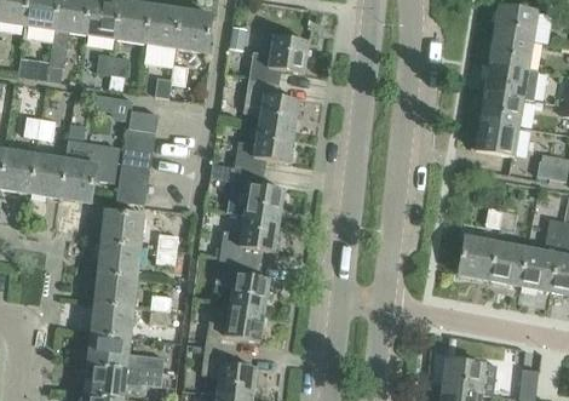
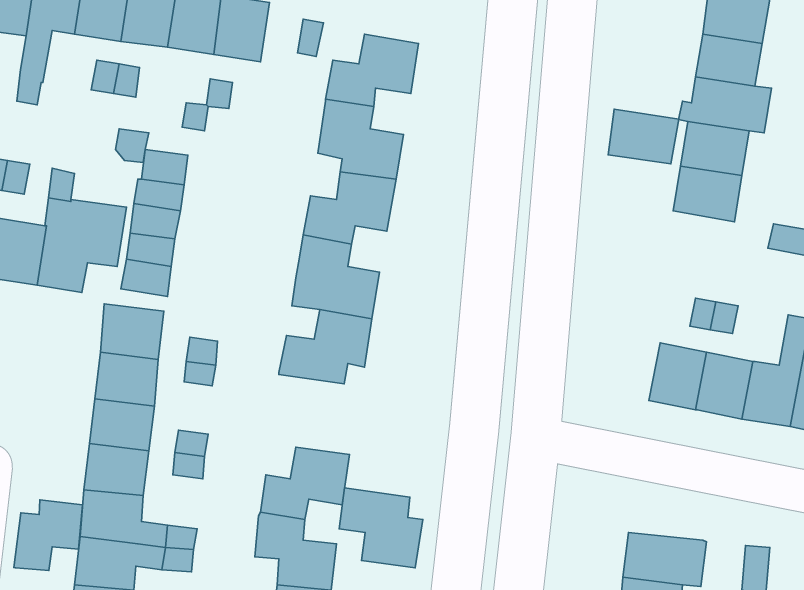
building: none -> [608,109,679,164]
building: [214,256,269,308] -> [339,488,423,568]
building: none -> [14,500,83,570]

